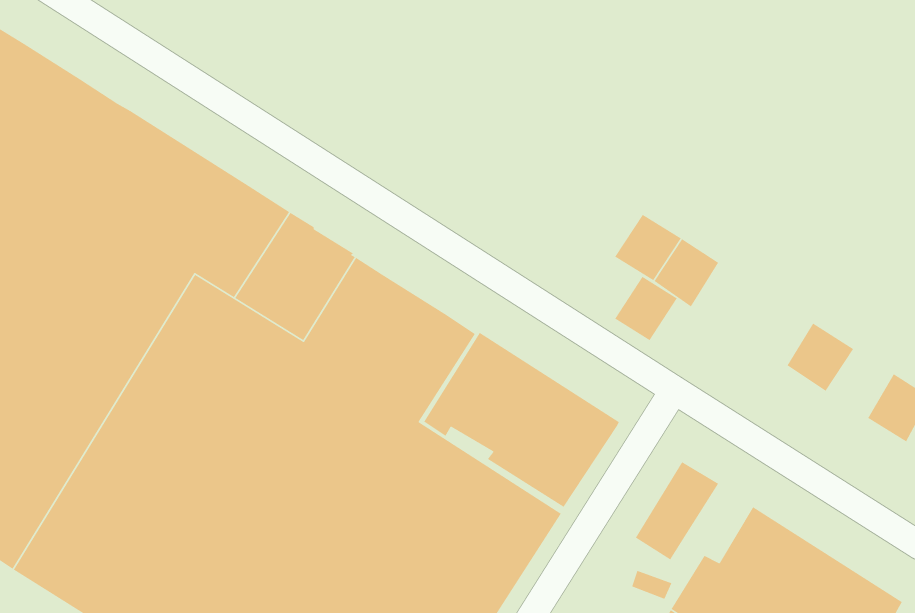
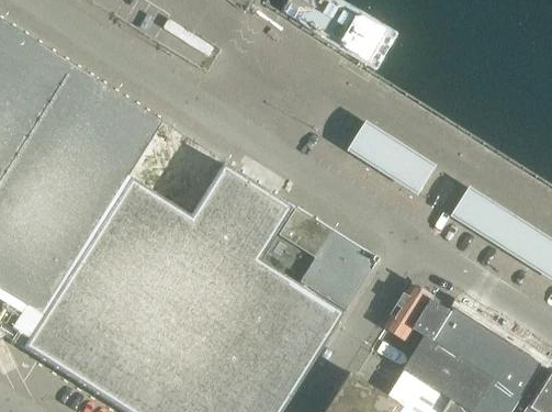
building: [614,276,678,341] -> [351,125,388,164]
building: none -> [454,191,488,227]
building: none -> [496,218,536,258]
building: none -> [413,297,453,343]

